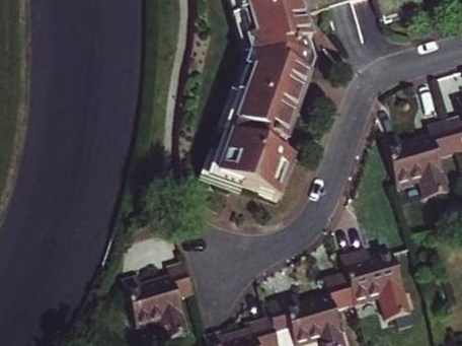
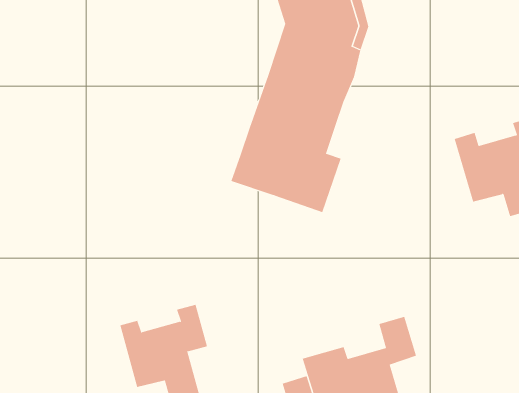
building: [340,247,410,318] -> none

